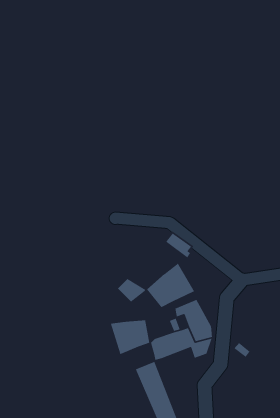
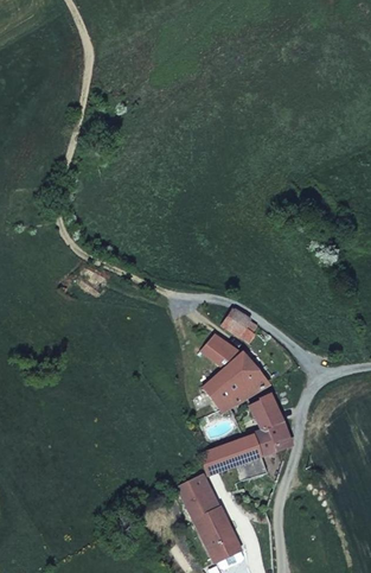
building: [117,278,146,303] -> [204,335,241,365]
building: [110,320,150,355] -> none

